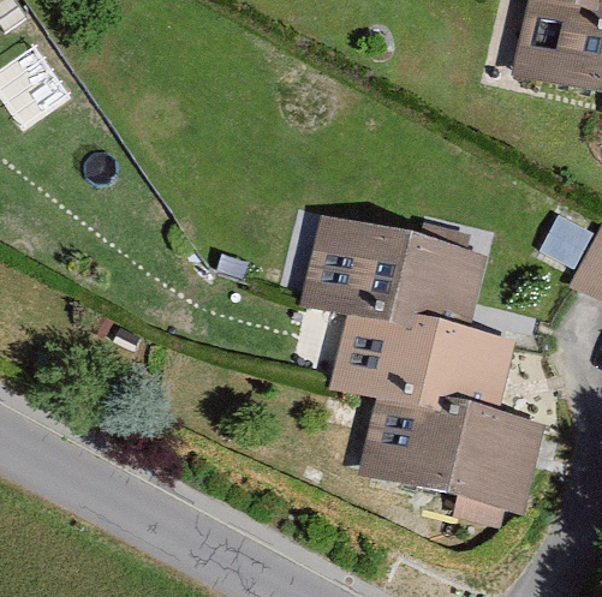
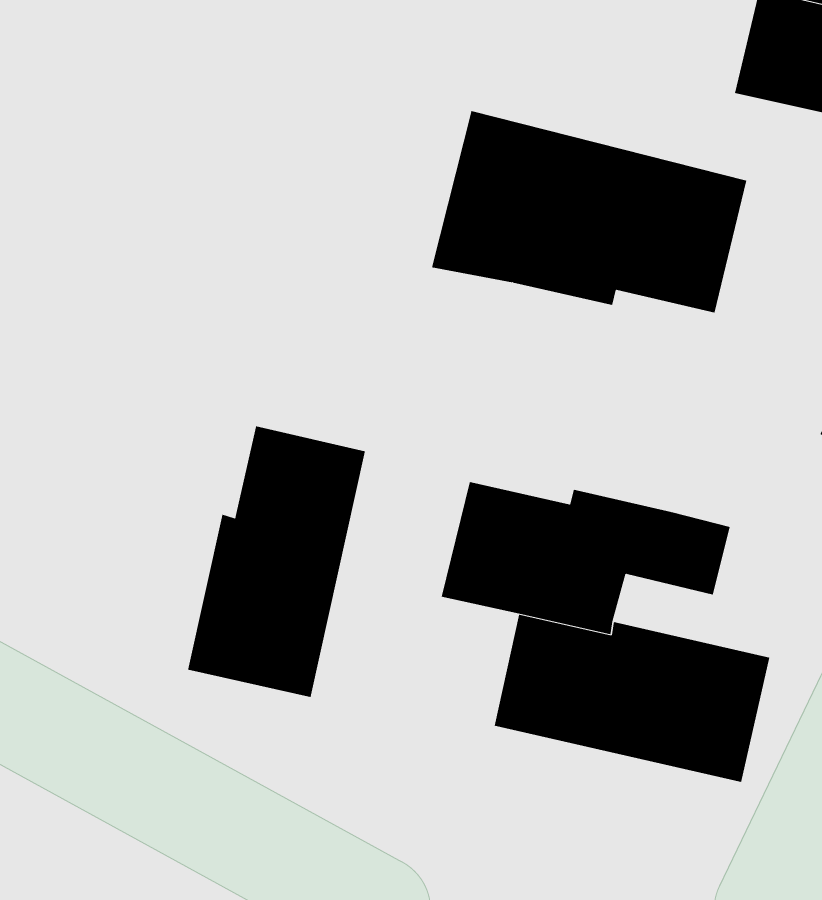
building: [296,208,496,336] -> [431,110,747,313]
building: none -> [187,426,366,698]

